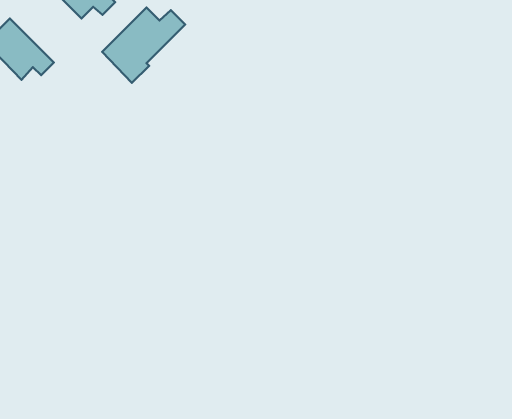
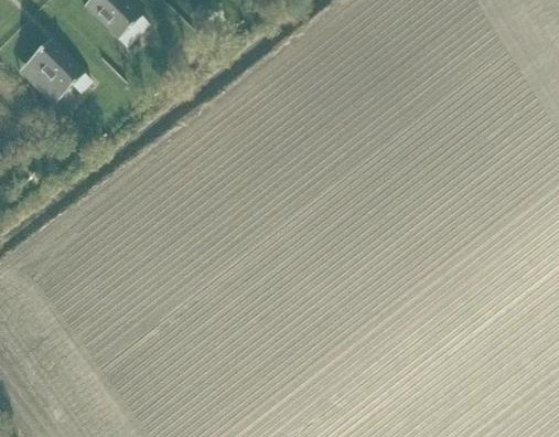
building: [102,7,185,83] -> none

